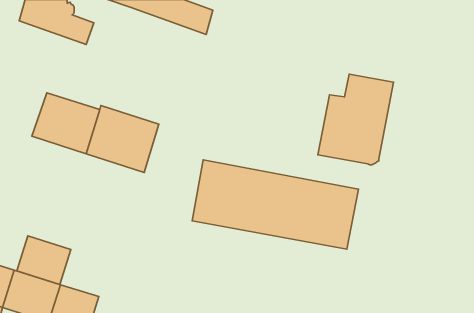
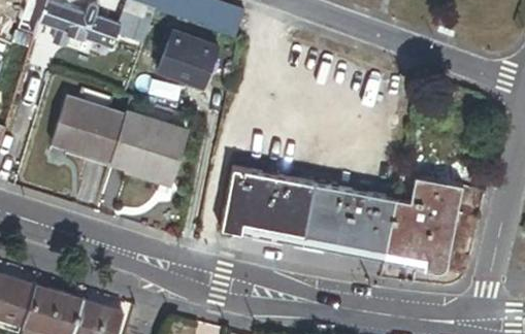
building: none -> [156,30,218,89]
building: [318,74,394,165] -> [383,177,462,272]
building: [17,236,71,285] -> none

